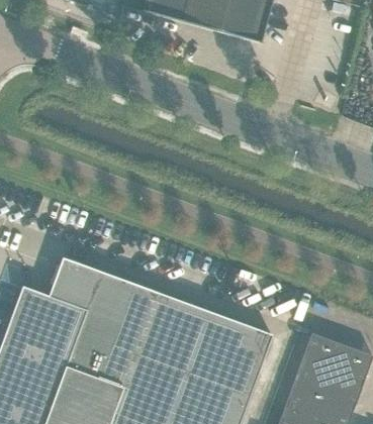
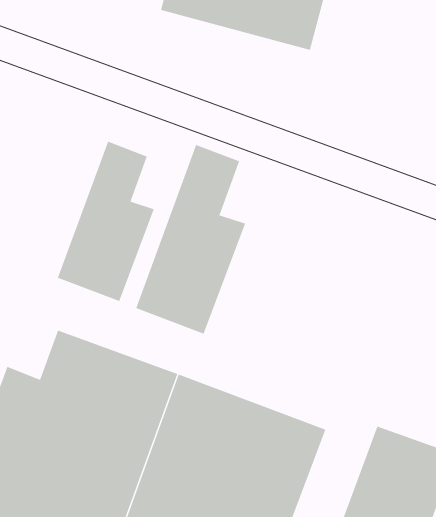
building: none -> [57,141,154,302]
building: none -> [135,144,246,335]

